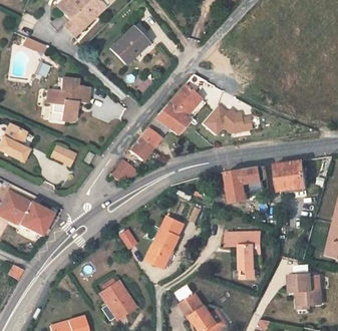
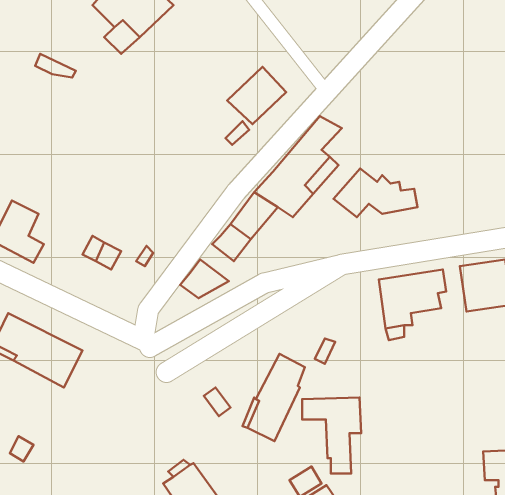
building: [110,29,145,63] -> [227,67,286,124]
building: [46,78,88,121] -> none
building: [227,232,262,277] -> [302,398,361,473]

